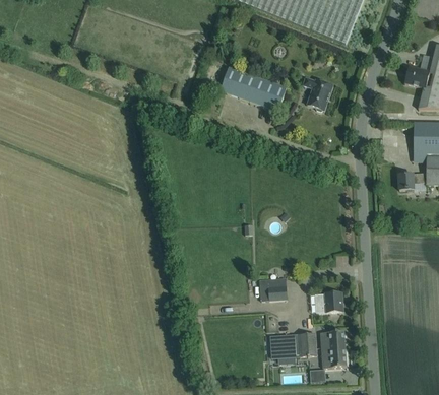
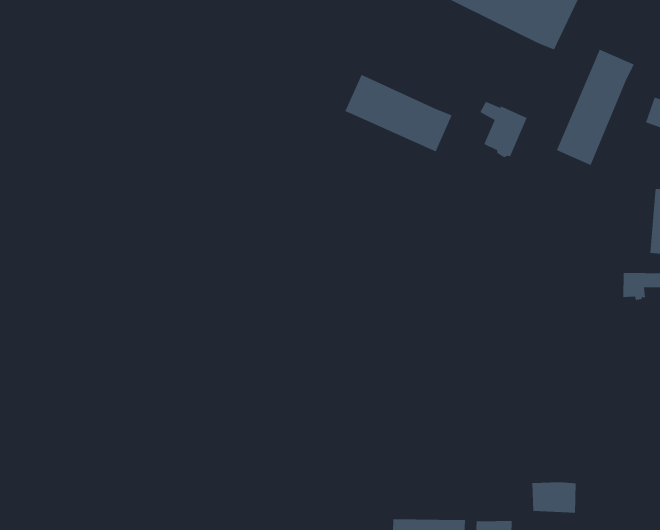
building: none -> [556,49,634,166]
building: [259,277,287,300] -> none
building: [314,291,342,311] -> [532,482,577,513]

